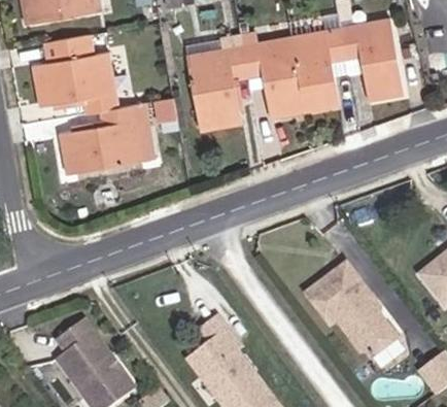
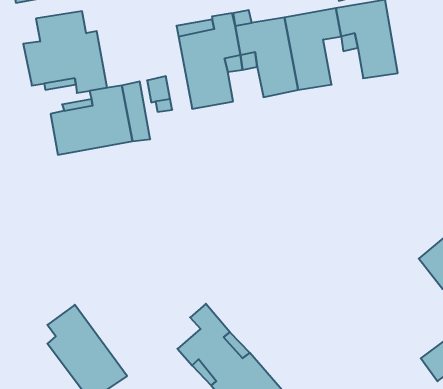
building: [307,268,398,358] -> none

